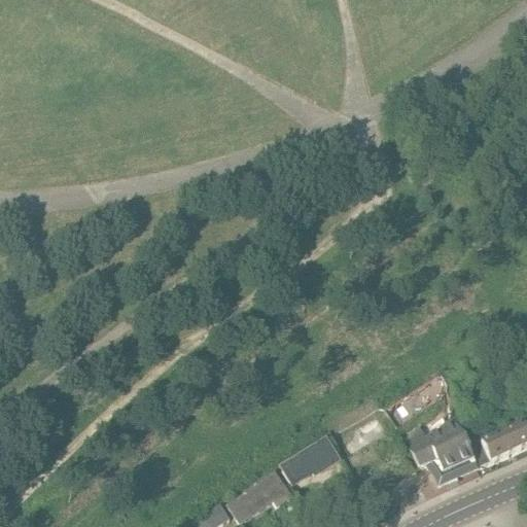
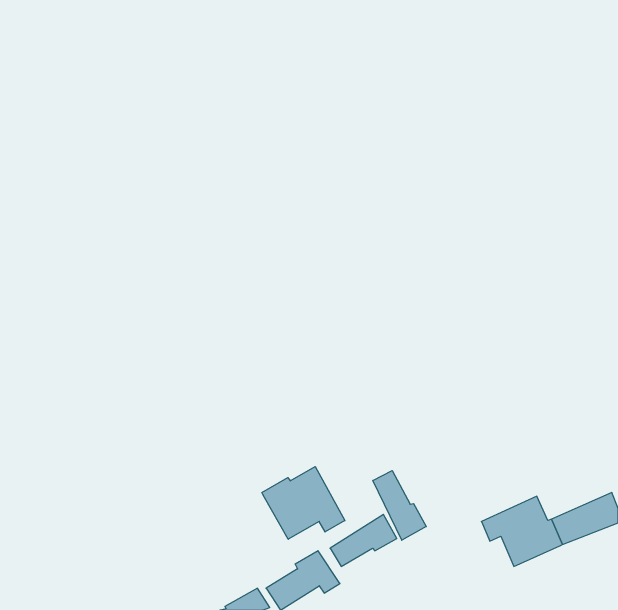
building: none -> [262,467,345,539]
building: none -> [373,471,426,540]

